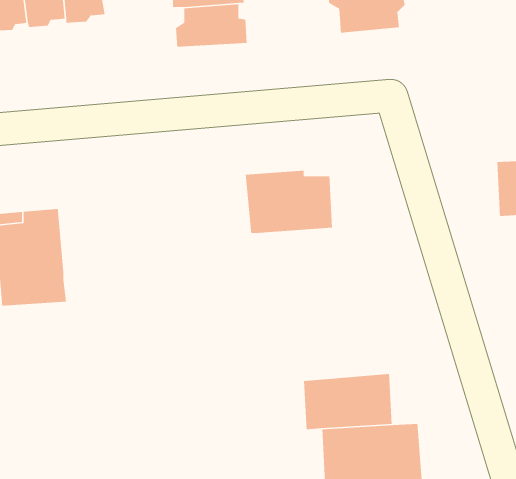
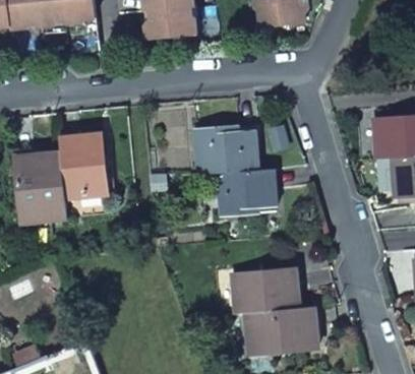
building: none -> [59,134,105,198]
building: none -> [215,166,276,219]

